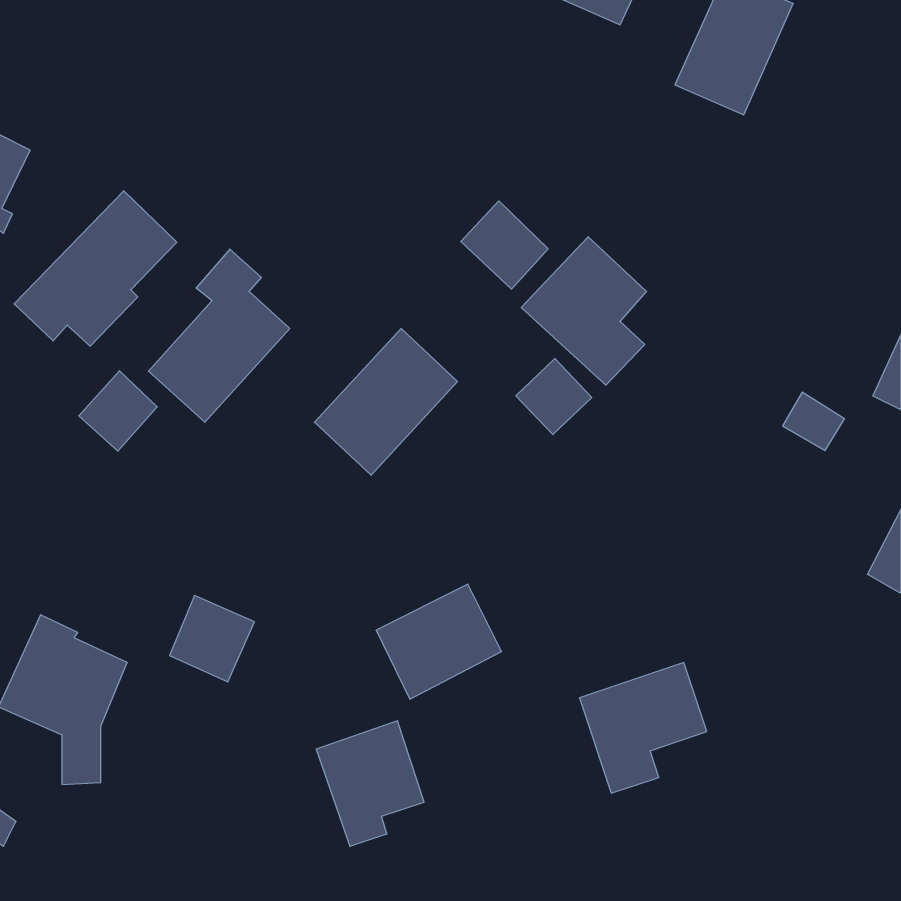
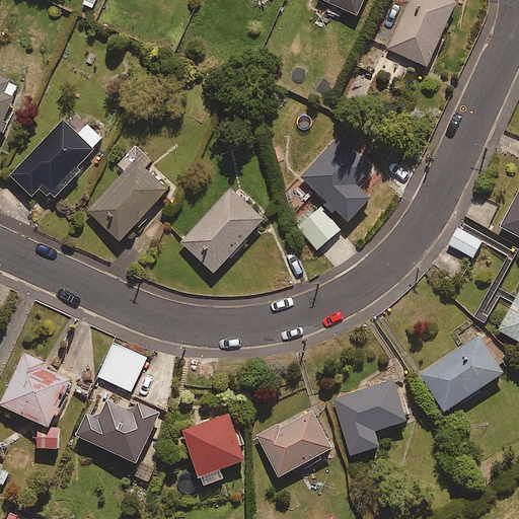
building: [461,201,548,289] -> none
building: [79,371,157,451] -> none
building: none -> [419,335,504,412]
building: [376,584,502,699] -> [258,410,330,475]
building: none -> [75,397,159,463]

